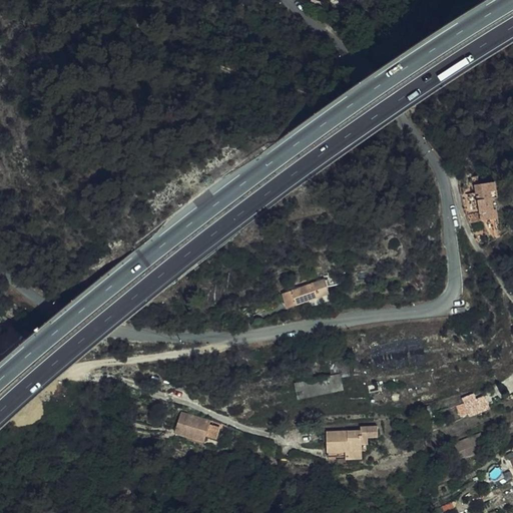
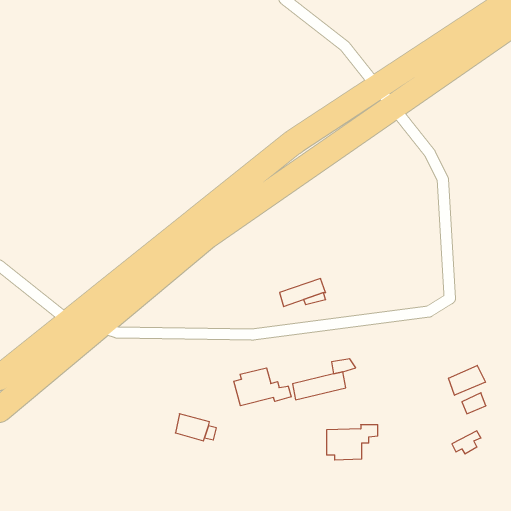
building: [474,182,497,220] -> none
building: none -> [449,365,485,395]
building: none -> [234,368,291,406]

